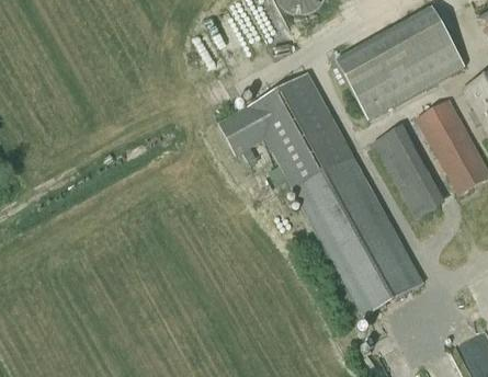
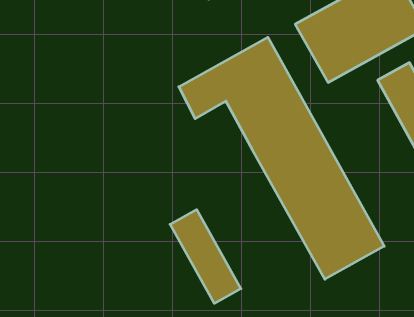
building: [374,126,442,217] -> none
building: none -> [170,210,241,303]

